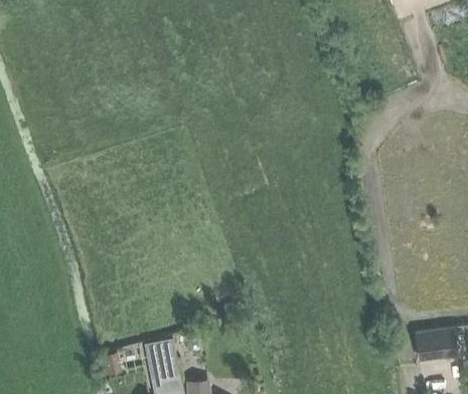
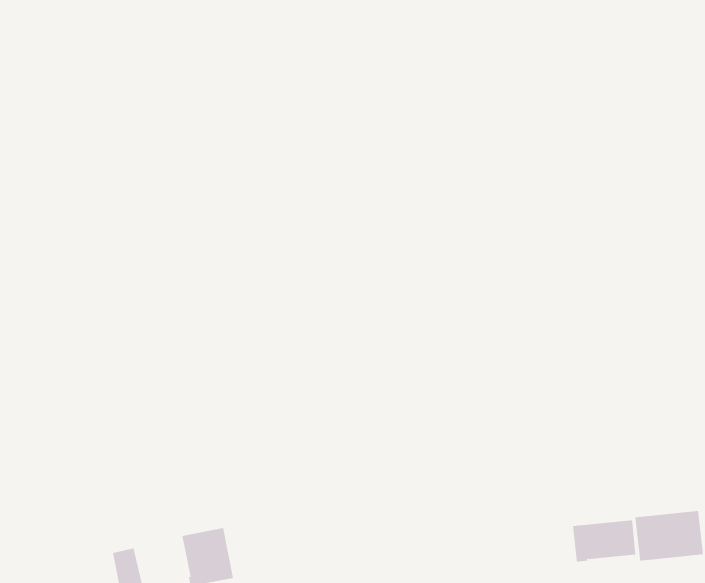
building: none -> [572,520,636,563]

